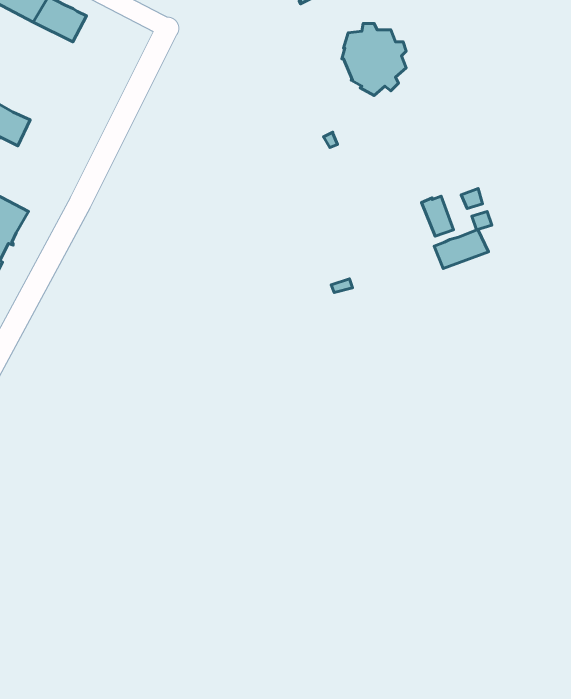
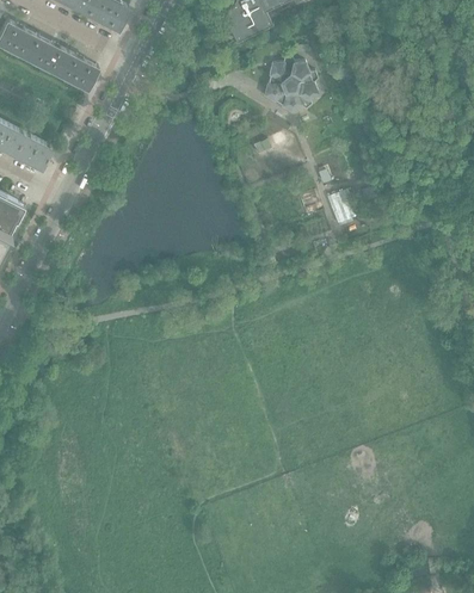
building: none -> [57,52,98,88]
building: none -> [14,134,53,168]
building: [434,229,489,269] -> none

